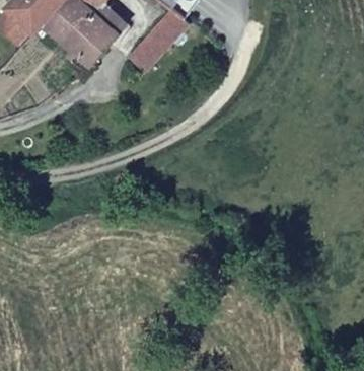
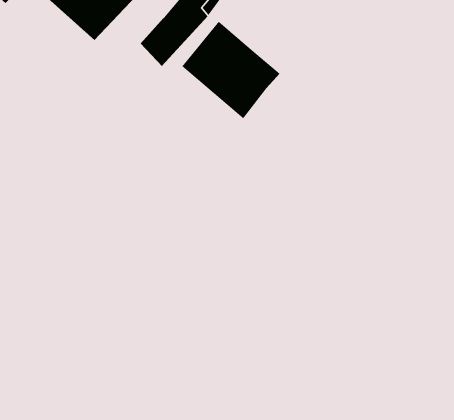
building: none -> [182,21,281,119]

